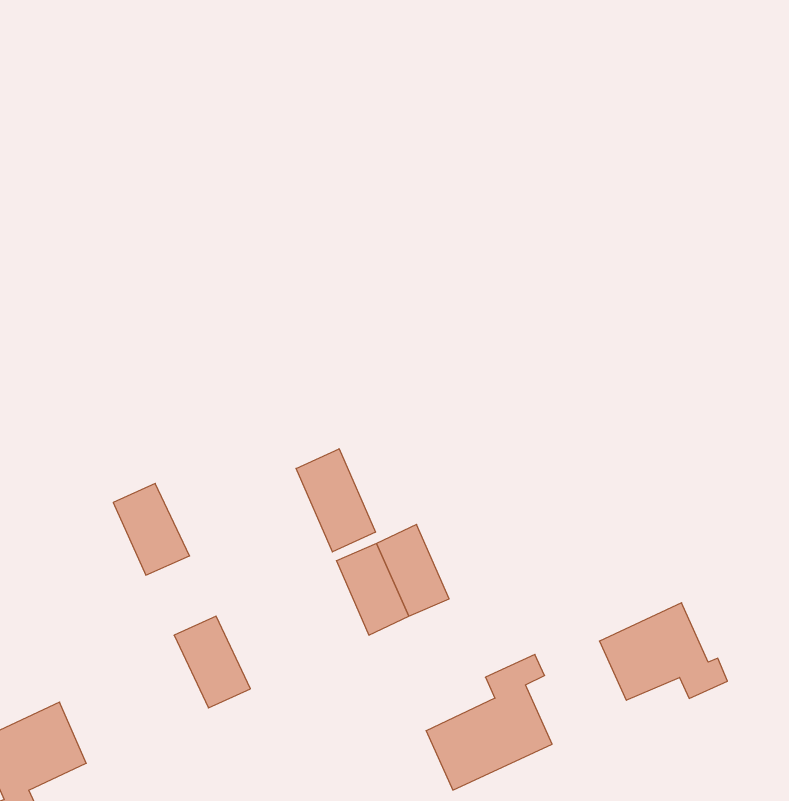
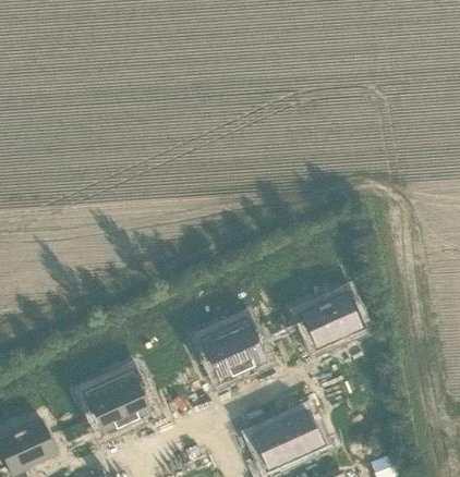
building: [296,449,375,552] -> none
building: [113,483,190,575] -> [83,379,126,431]
building: [599,603,727,700] -> [299,290,372,345]

